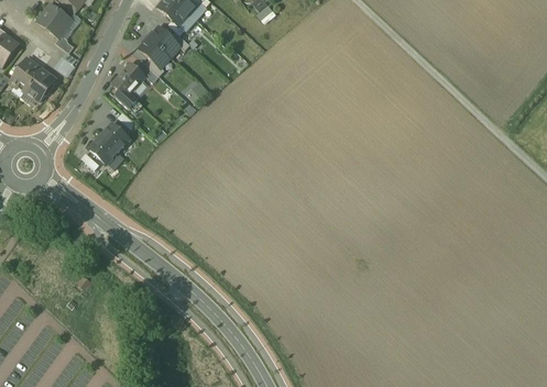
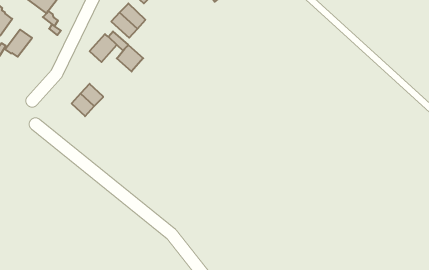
building: [23,67,55,101] -> none
building: none -> [117,45,143,72]

